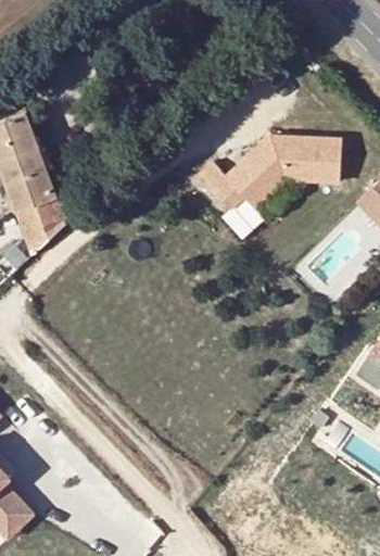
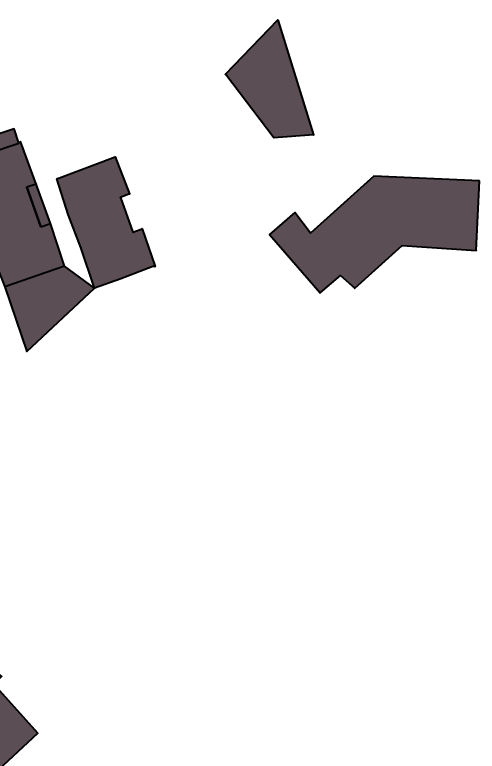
building: none -> [225,20,314,138]
building: none -> [57,157,155,288]

